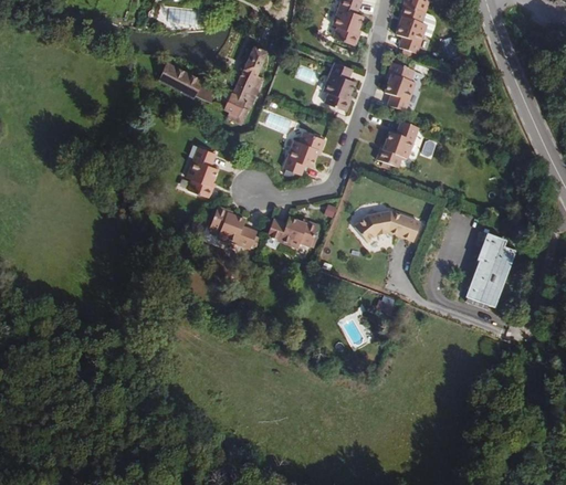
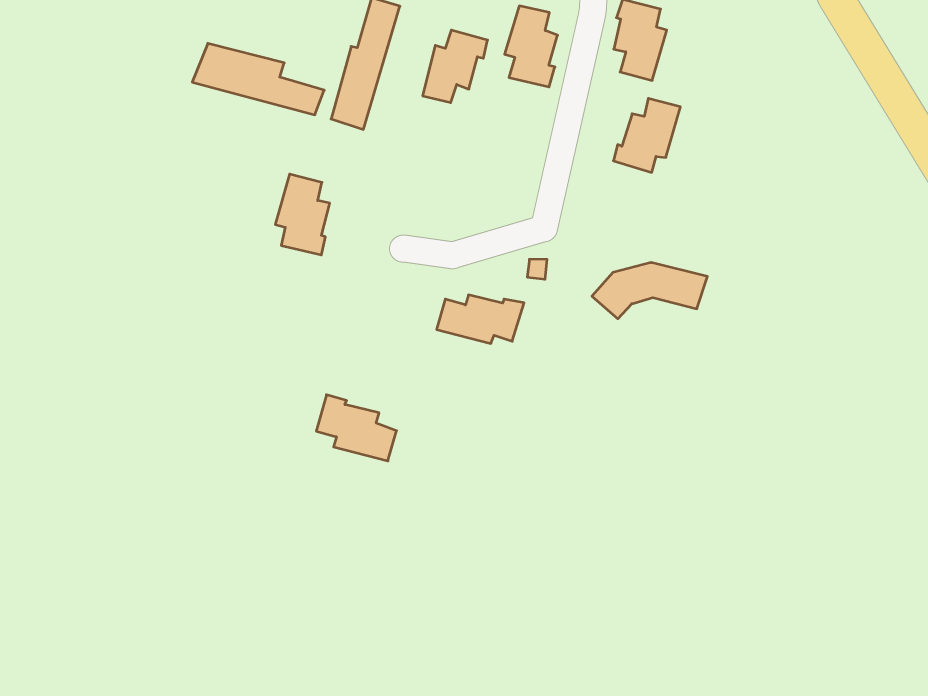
building: [284,128,324,169] -> [423,30,488,103]
building: [212,209,258,250] -> [316,395,397,461]
building: [469,232,521,307] -> none

